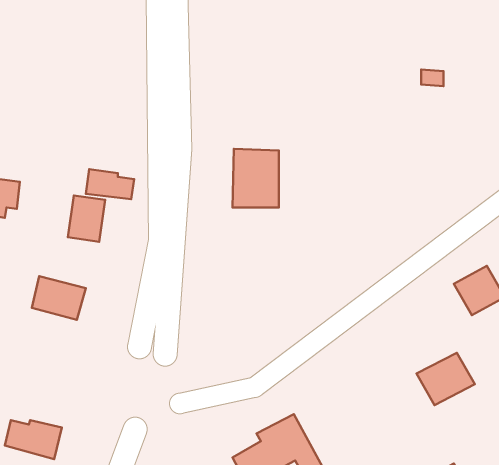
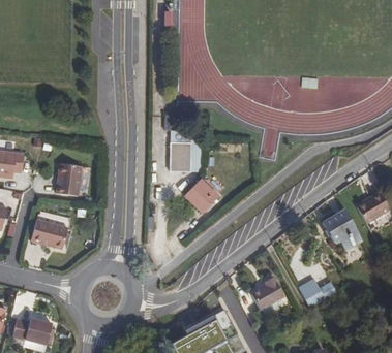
building: [86,169,134,199] -> none
building: none -> [185,179,219,214]
building: none -> [250,277,283,311]

